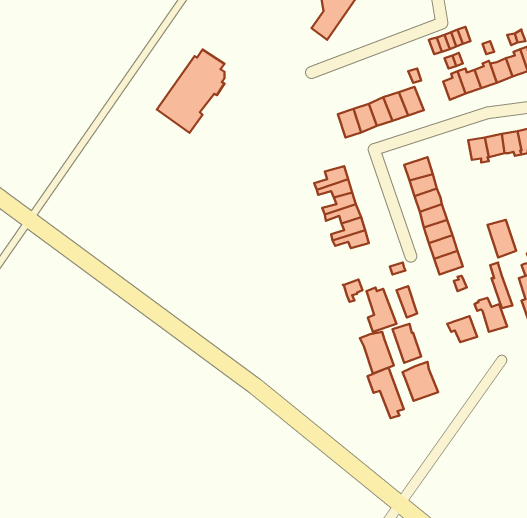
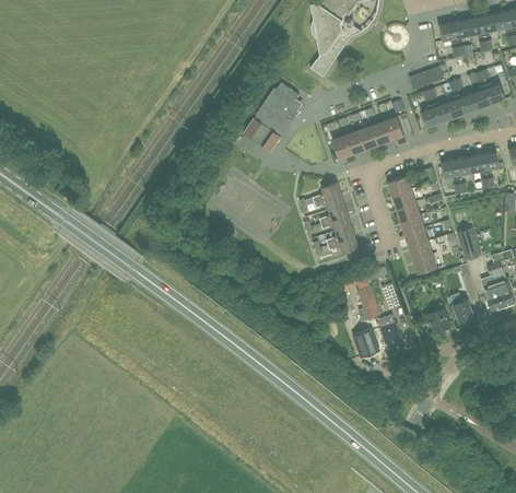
building: [157,50,225,133] -> [243,83,300,153]
building: [402,362,438,401] -> none
building: [367,367,404,418] -> none

